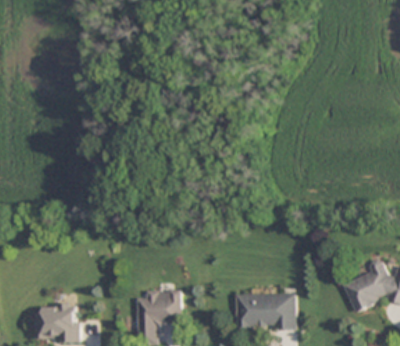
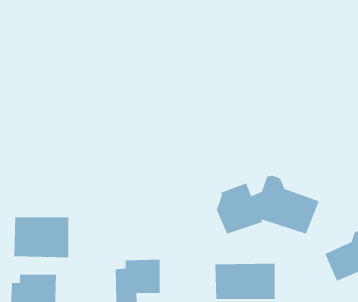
building: none -> [216,175,319,235]
building: none -> [14,217,69,258]

